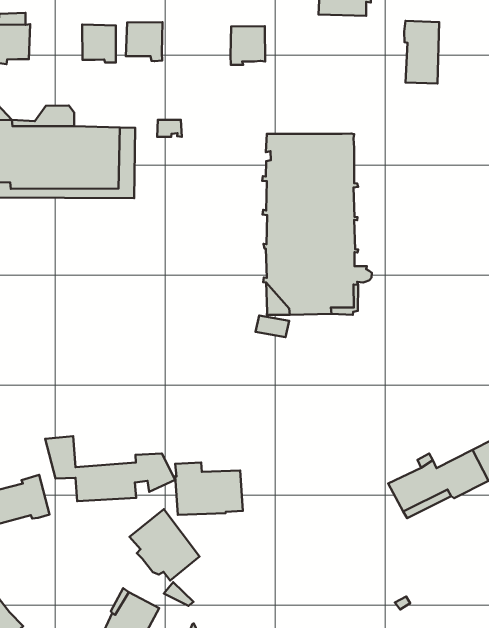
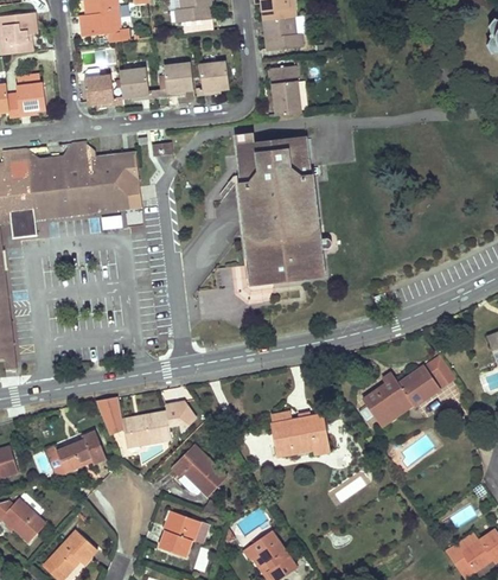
building: [404,21,439,83] -> [269,64,300,114]
building: none -> [159,62,193,96]
building: [175,463,243,515] -> [272,412,328,454]

